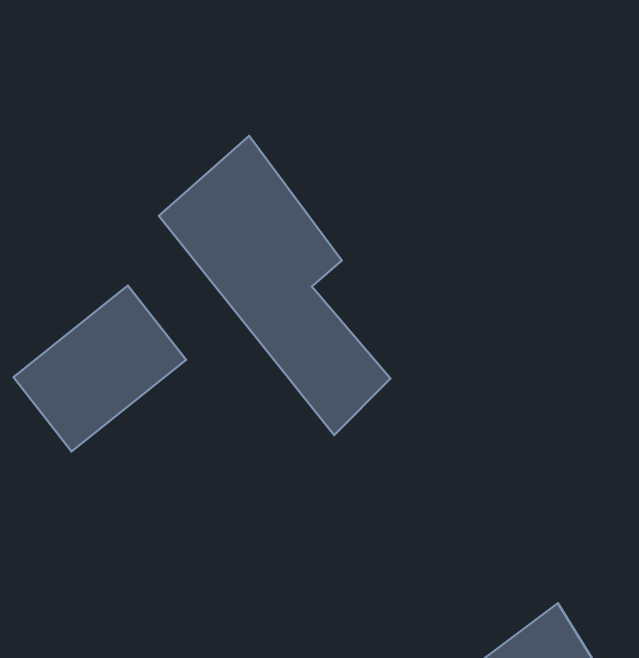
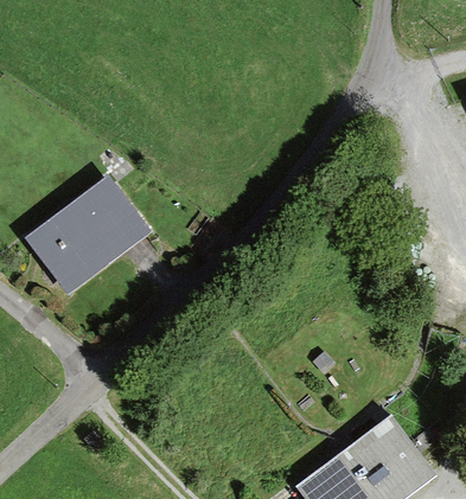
building: [159,136,390,435] -> none

